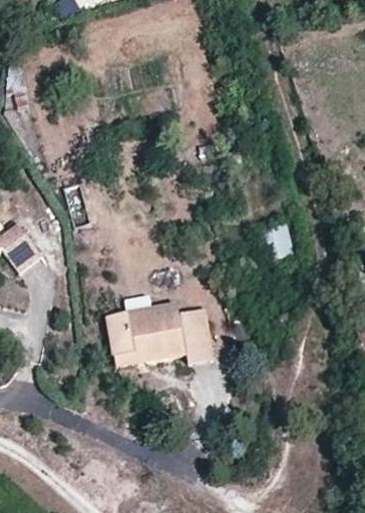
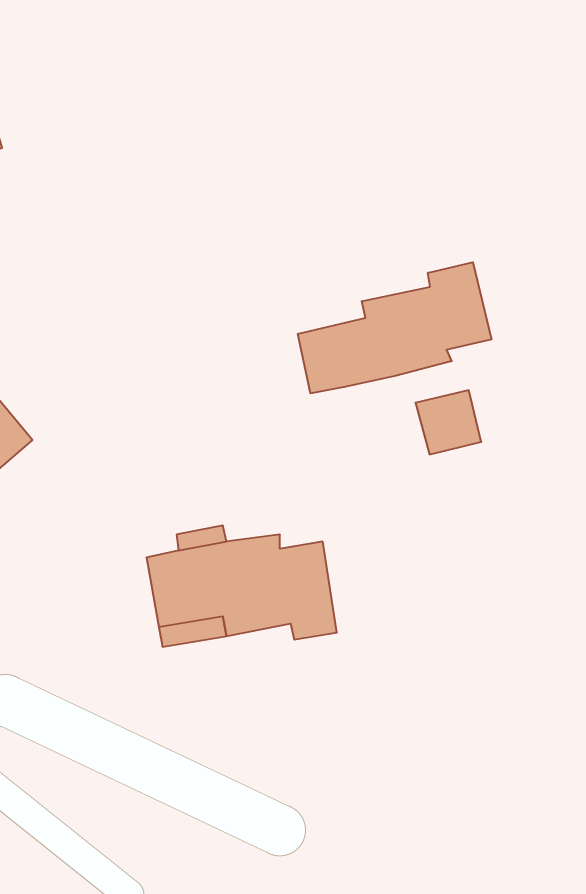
building: none -> [298,262,491,393]

